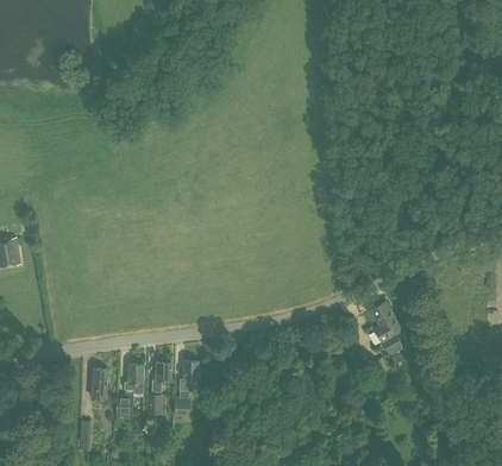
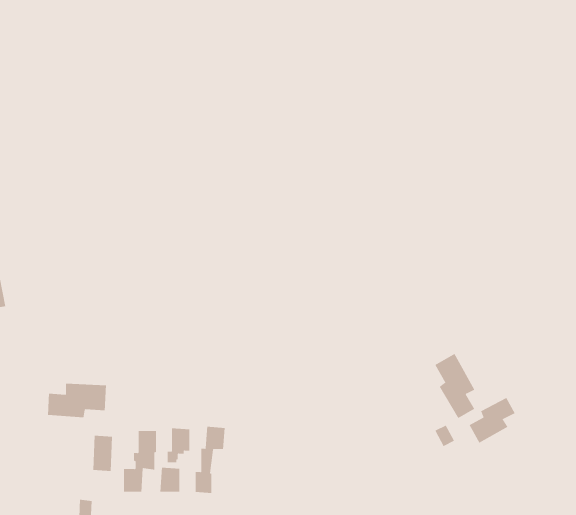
building: none -> [47,383,106,418]
building: none -> [469,397,515,443]

